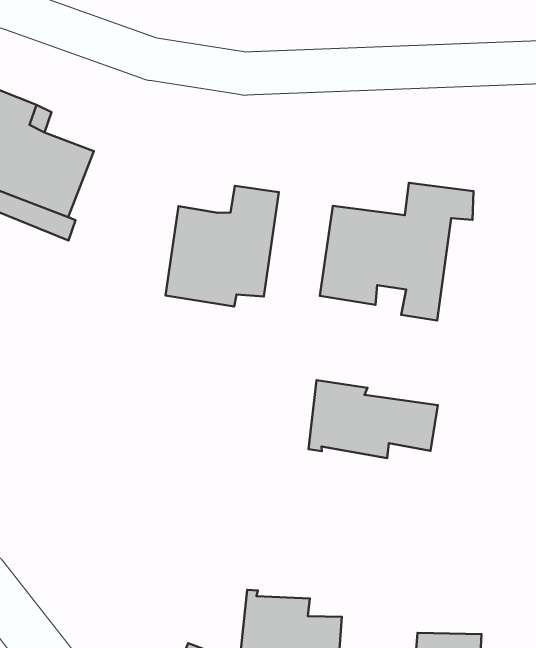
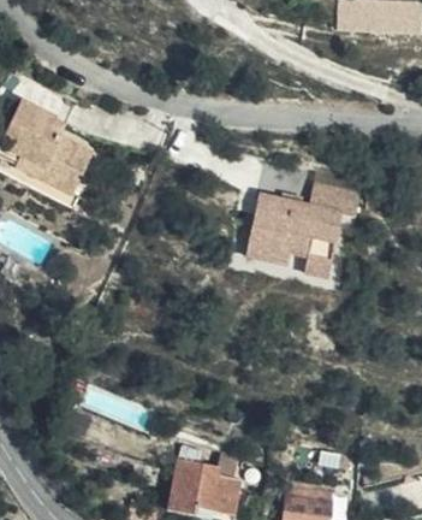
building: [166,186,279,306] -> none
building: [308,380,438,458] -> none

